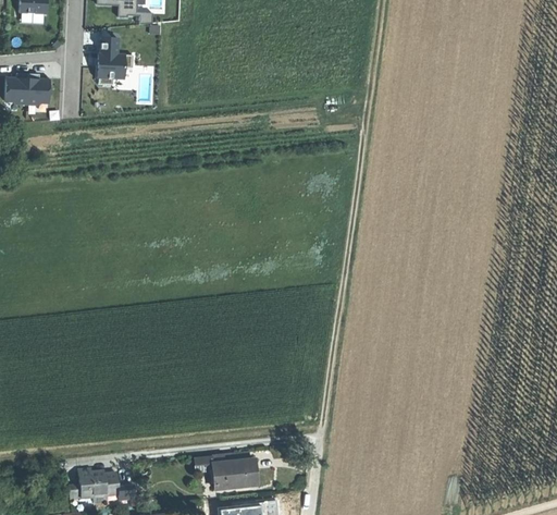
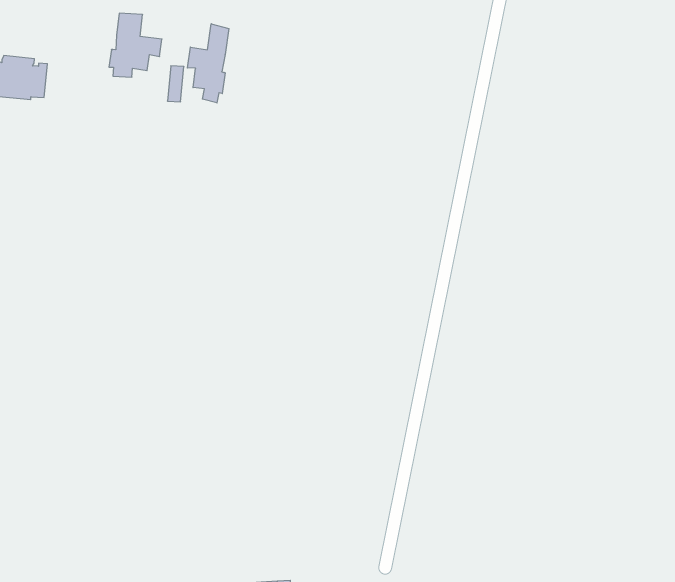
building: none -> [187,24,229,103]

